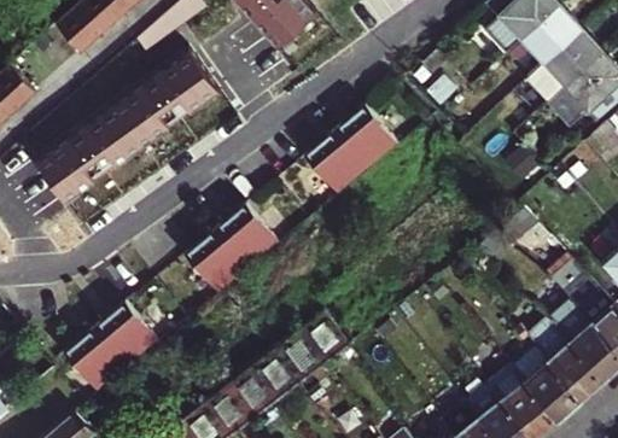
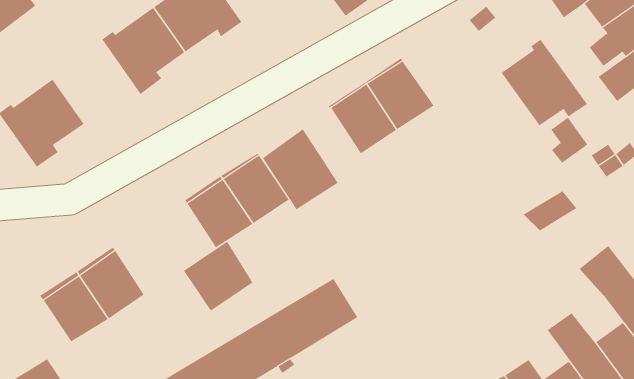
building: none -> [501,39,588,126]
building: [56,118,135,195] -> none
building: none -> [262,129,339,210]
building: none -> [183,241,253,312]

